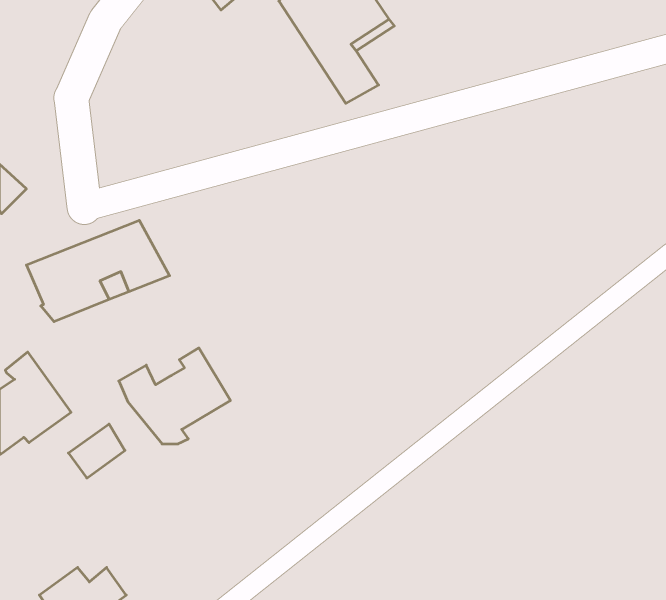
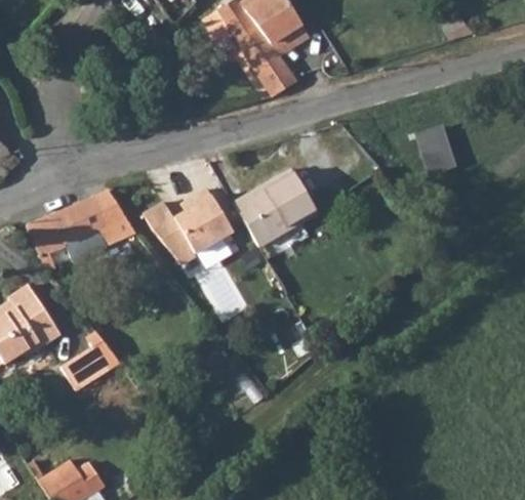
building: none -> [417,126,456,171]
building: none -> [234,168,317,245]
building: [119,348,230,444] -> [146,190,233,264]

